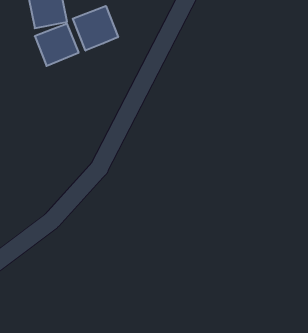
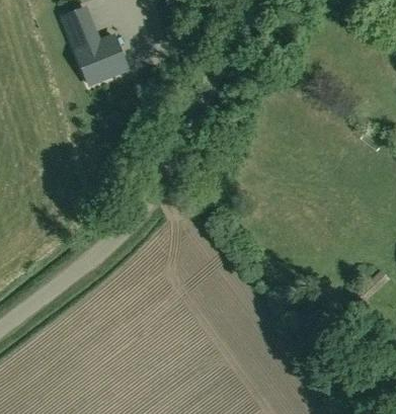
building: [73,6,118,51] -> none

